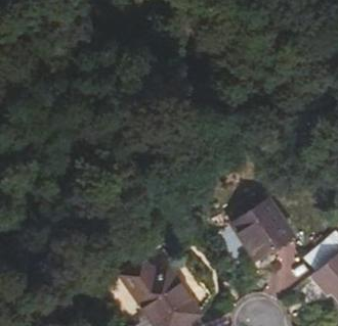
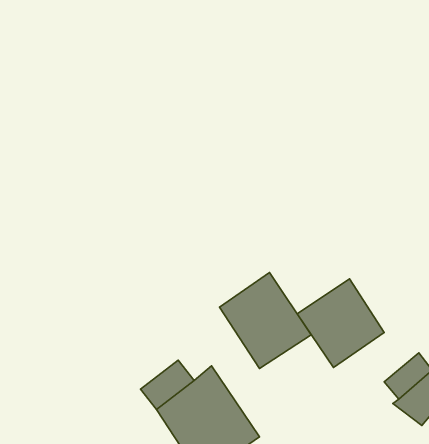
building: none -> [220,273,311,369]

